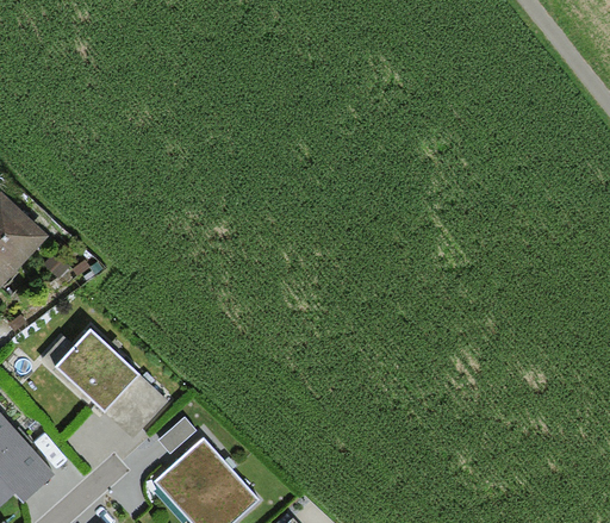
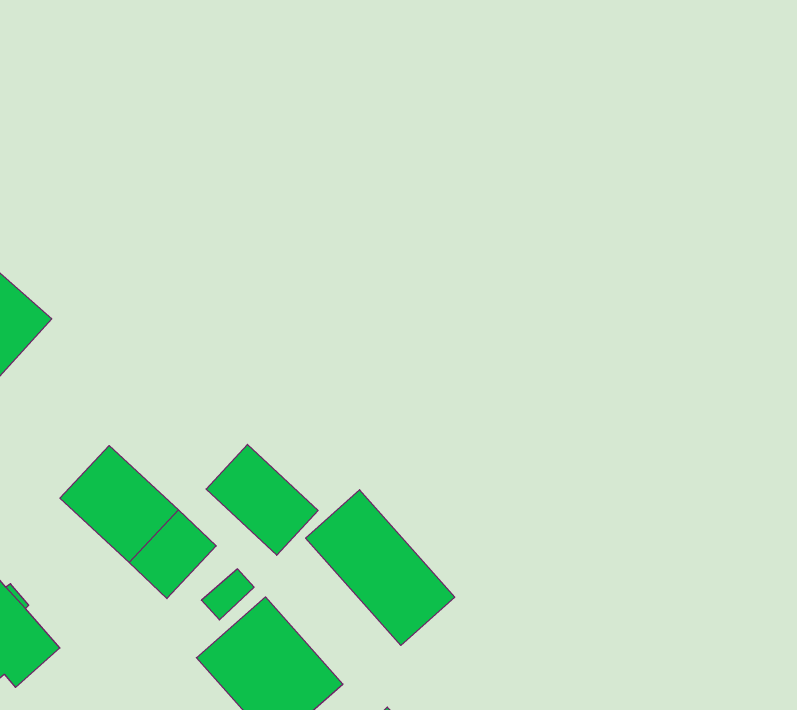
building: none -> [206,444,318,555]
building: none -> [306,490,455,645]

